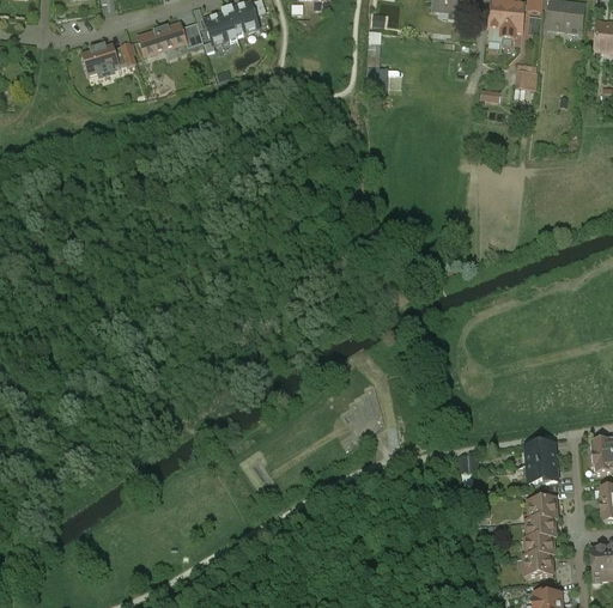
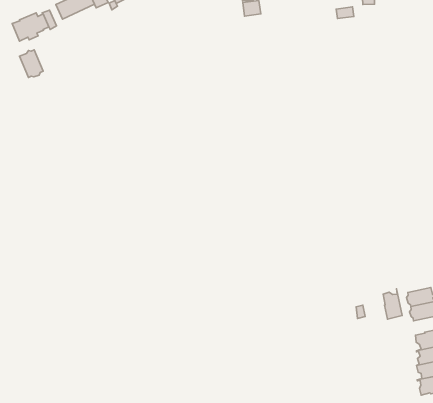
building: none -> [19,50,43,77]
building: none -> [383,289,402,319]

